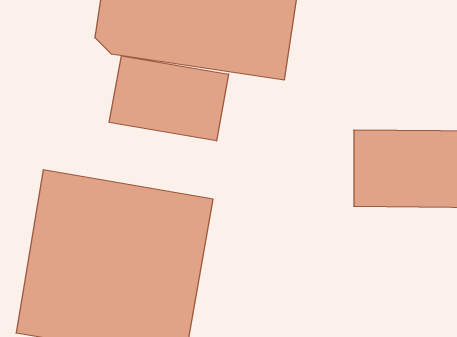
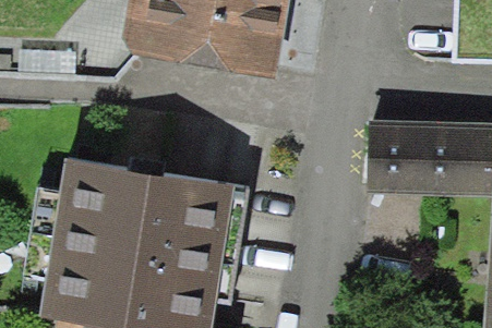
building: [109,56,228,141] -> none

